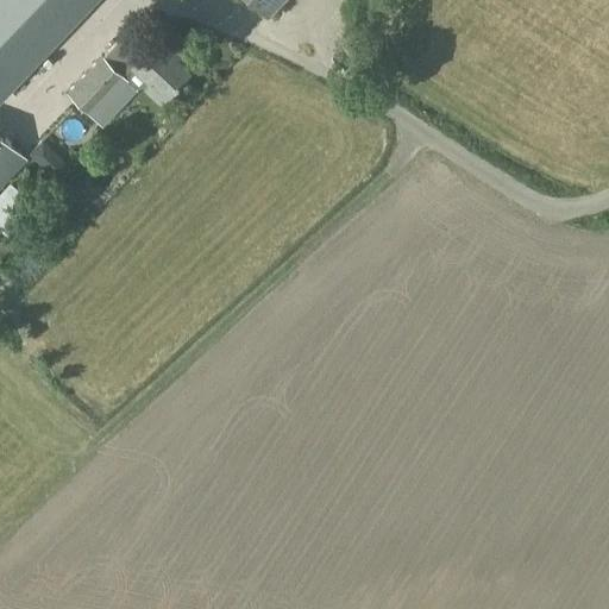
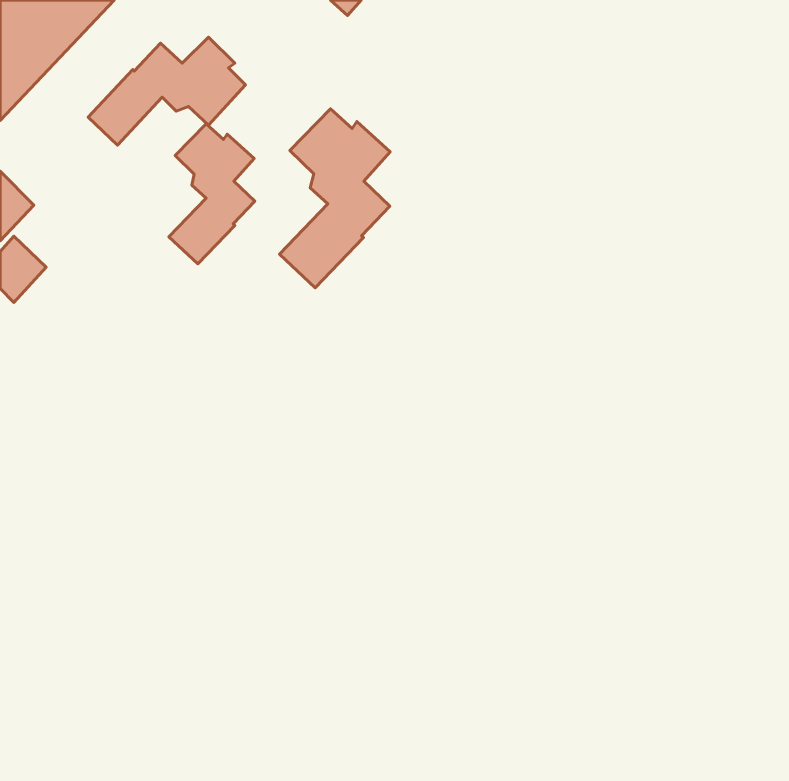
building: none -> [279,109,390,288]
building: none -> [169,124,255,264]

